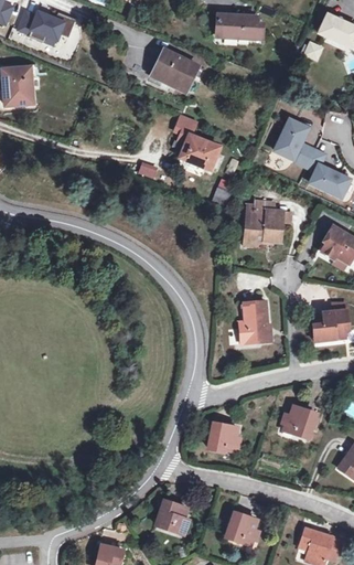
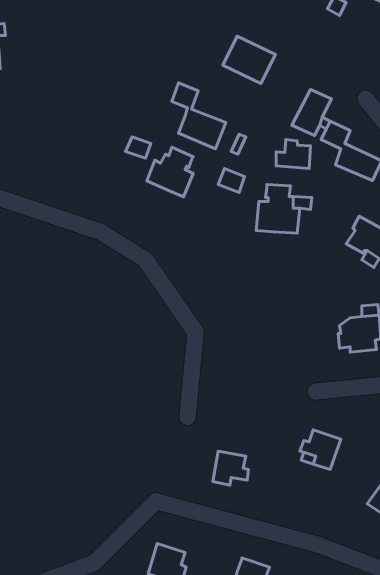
building: [152,51,196,90] -> [223,36,276,84]
building: none -> [276,139,310,168]
building: none -> [147,147,193,197]
building: [239,300,270,343] -> none

